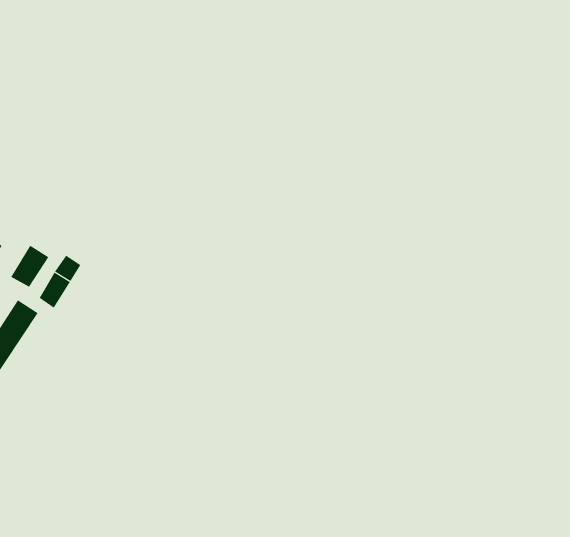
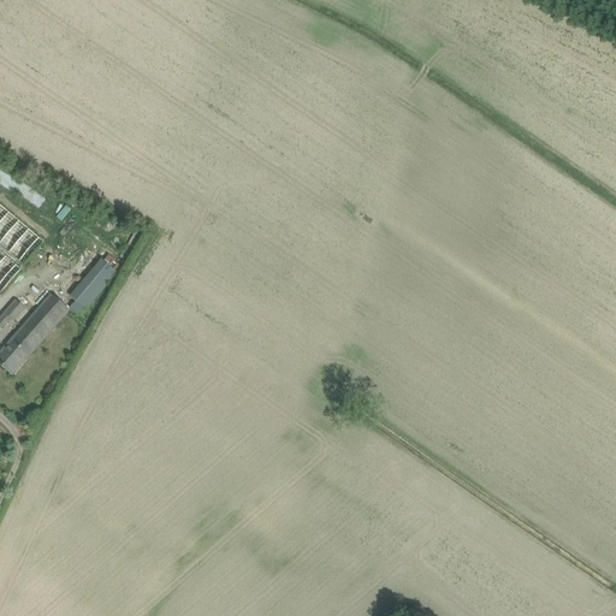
building: [10,245,49,288] -> none

